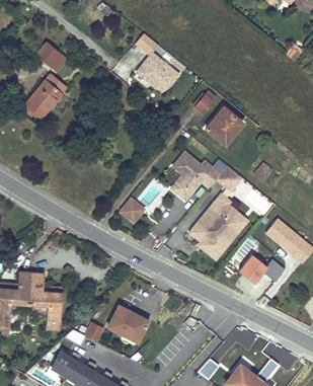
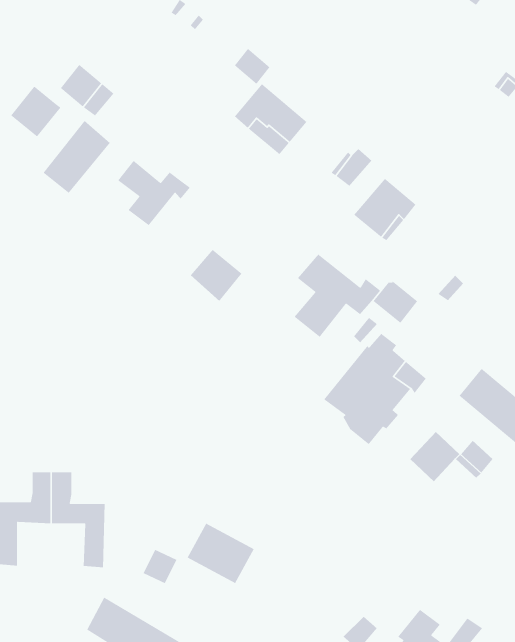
building: none -> [10,86,61,137]
building: none -> [117,160,191,226]
building: [119,197,149,227] -> [190,249,242,302]

